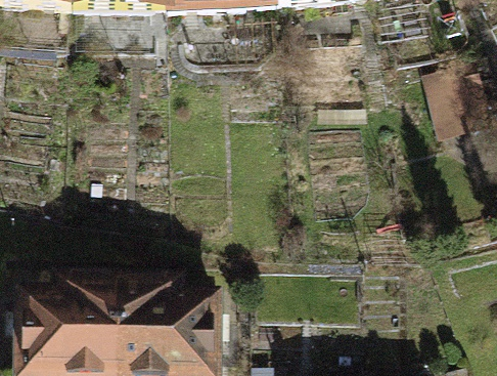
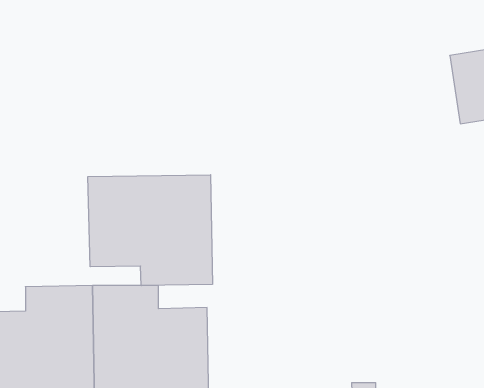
building: none -> [88,175,212,286]

